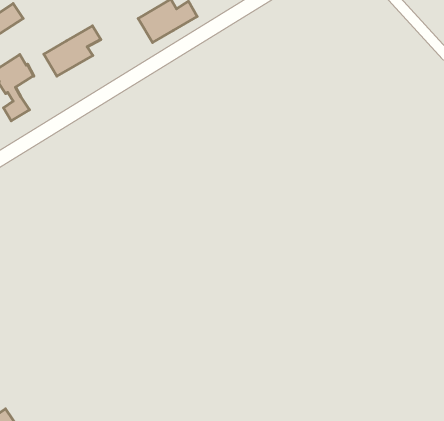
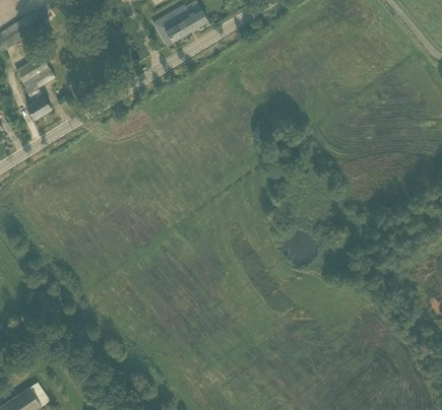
building: [44,26,101,76] -> none

